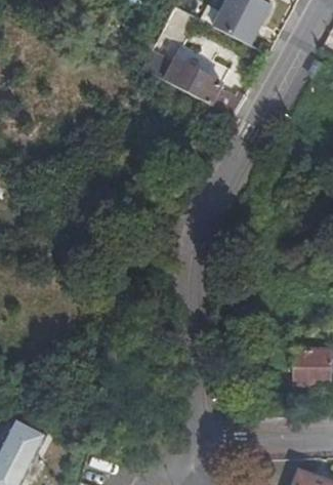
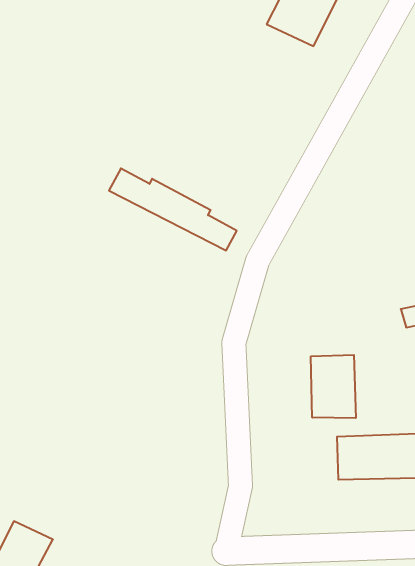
building: [141,50,242,115] -> [109,168,237,250]
building: none -> [311,355,356,418]

